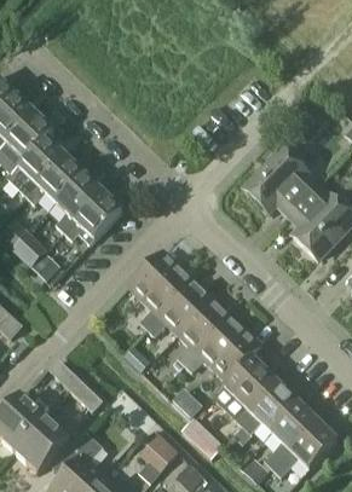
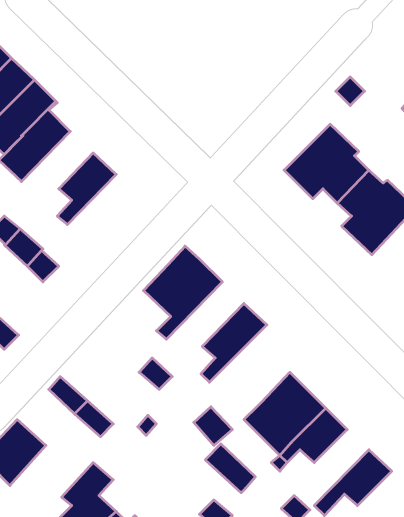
building: [25,152,86,203] -> none
building: [64,189,125,242] -> none
building: [148,279,213,335] -> none
building: [184,316,262,381] -> none
building: [264,404,318,468] -> none
building: [16,417,68,470] -> none
building: [140,432,178,470] -> none

